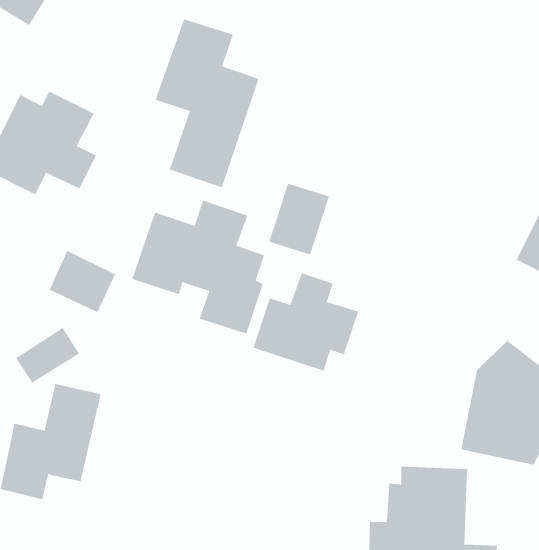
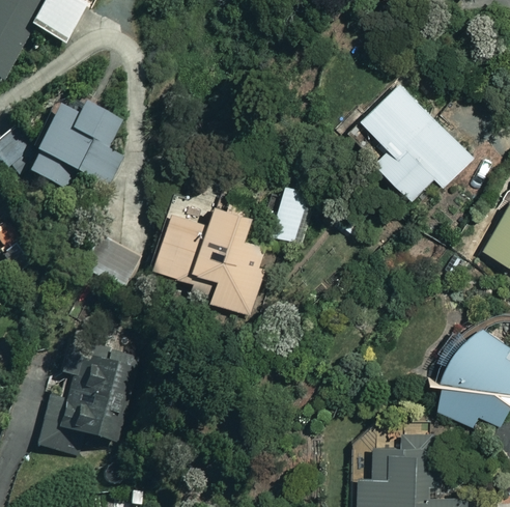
building: [155,18,259,188] -> none
building: none -> [360,81,474,200]
building: [253,273,359,371] -> none

